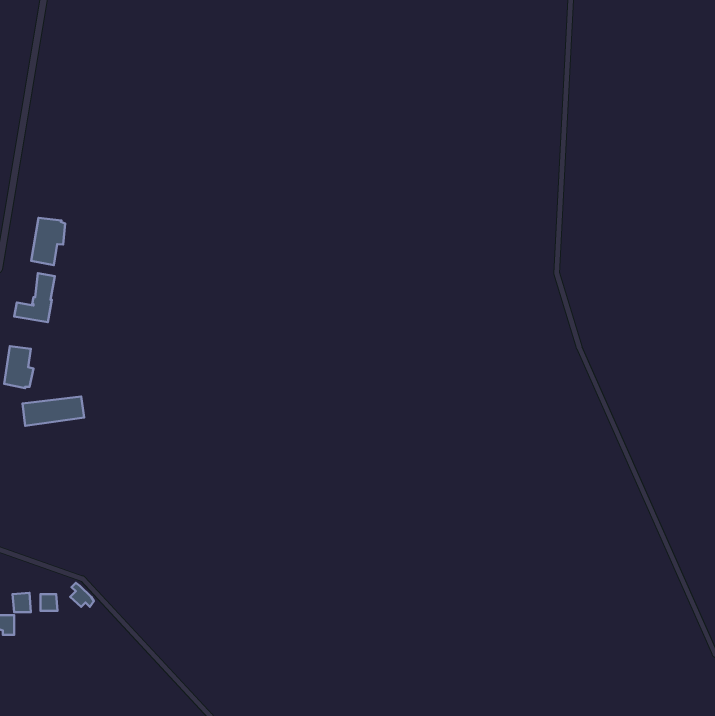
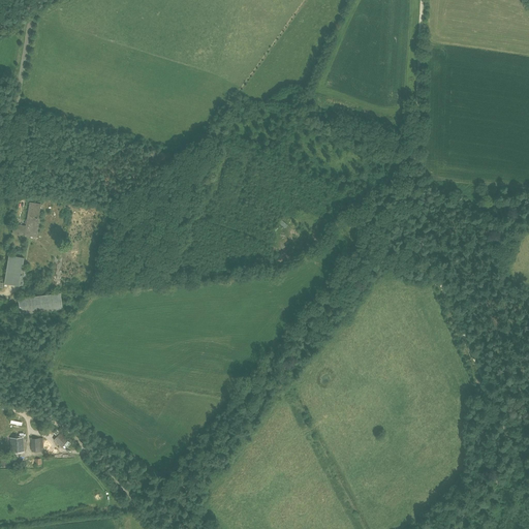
building: [31,218,65,265] -> none

